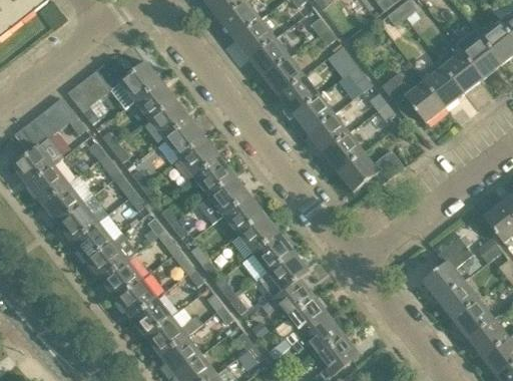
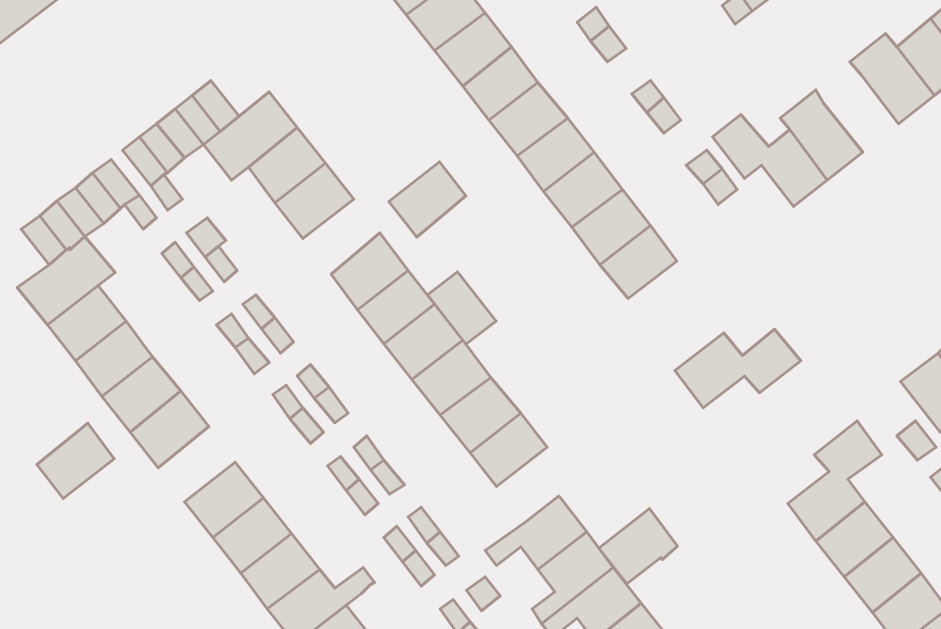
building: [441,52,481,93] -> none
building: [163,118,204,158] -> [389,162,466,237]
building: [337,149,404,192] -> [675,329,801,408]
building: none -> [427,272,496,344]
building: [86,240,127,280] -> [37,423,114,498]
building: [267,251,309,291] -> [599,509,678,584]

